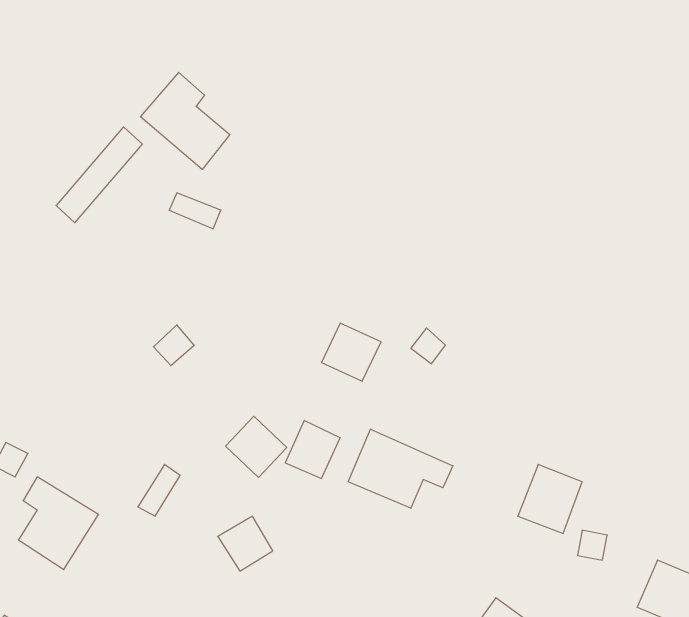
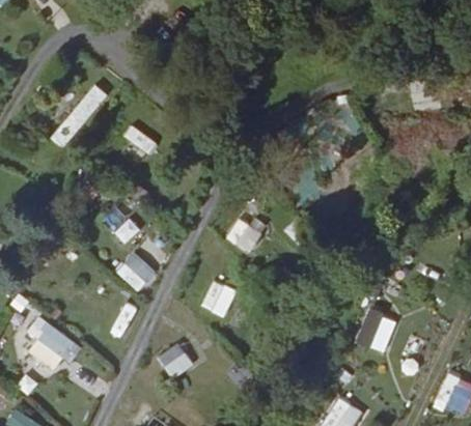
building: [141,72,230,169] -> none
building: [226,416,287,477] -> [117,251,158,291]
building: [348,429,453,508] -> none

